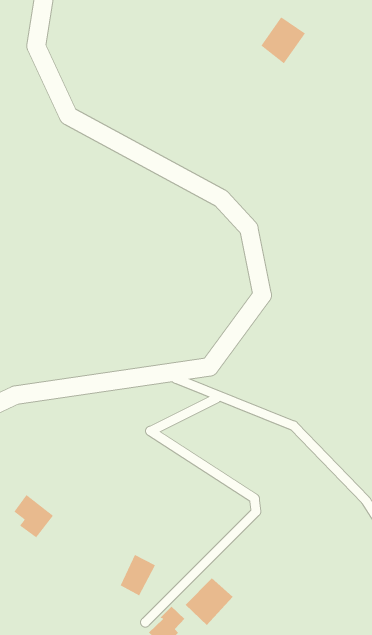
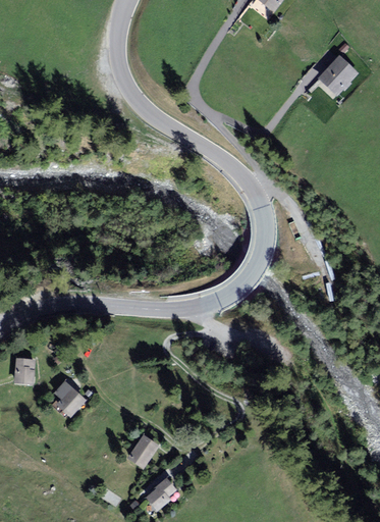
building: [260,16,306,64] -> [320,57,356,94]
building: [185,578,234,626] -> none

